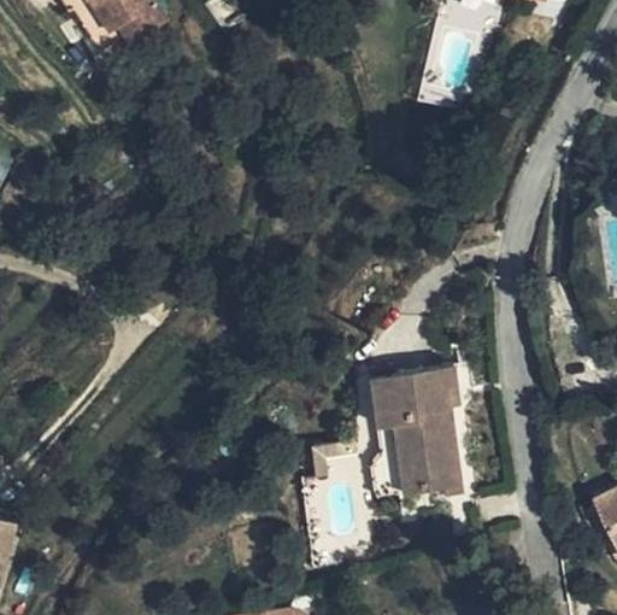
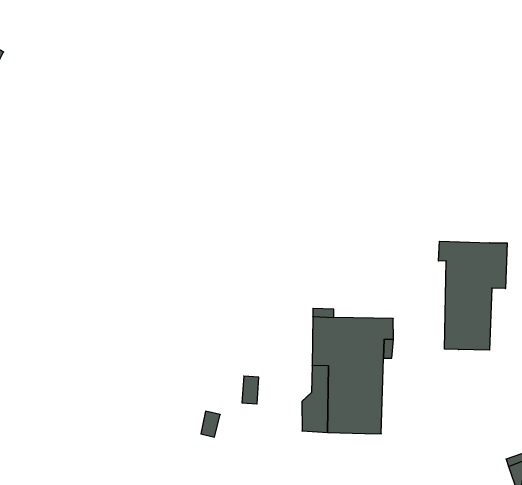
building: none -> [438,241,507,350]

